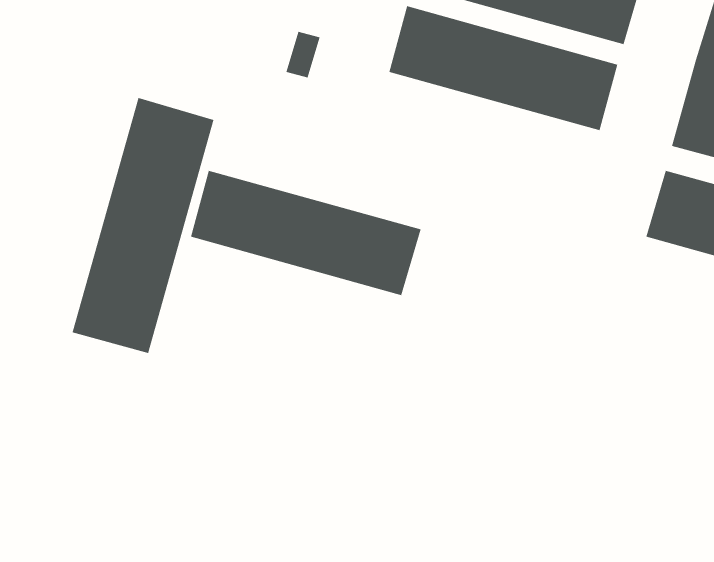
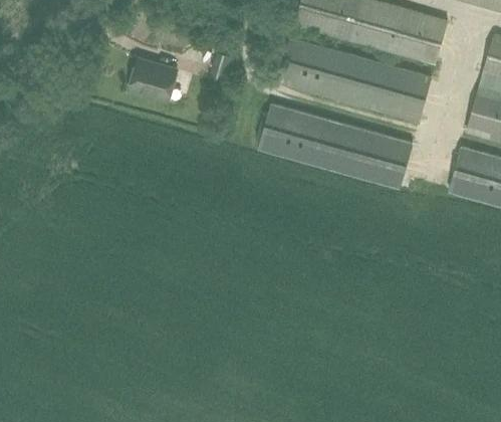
building: none -> [131,60,178,100]
building: [72,97,214,354] -> none
building: [190,170,421,296] -> [260,104,414,188]

